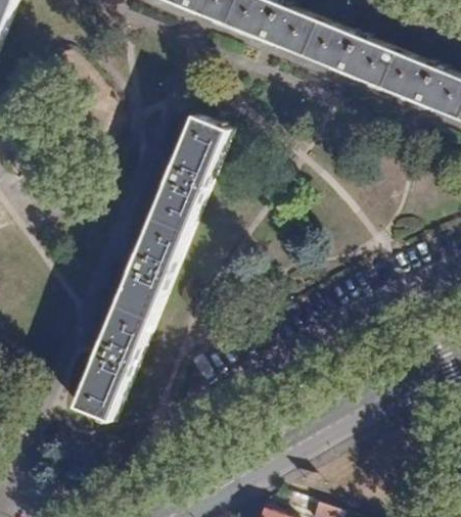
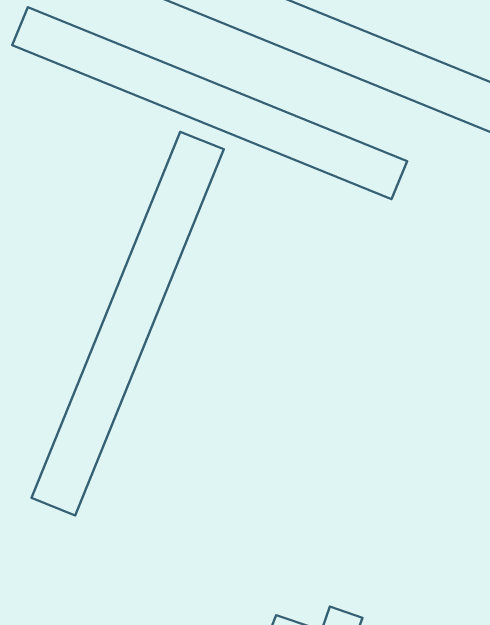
building: none -> [12,7,407,199]

